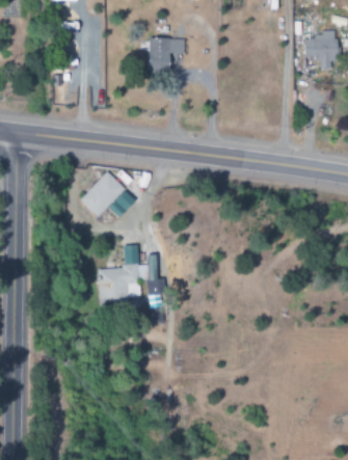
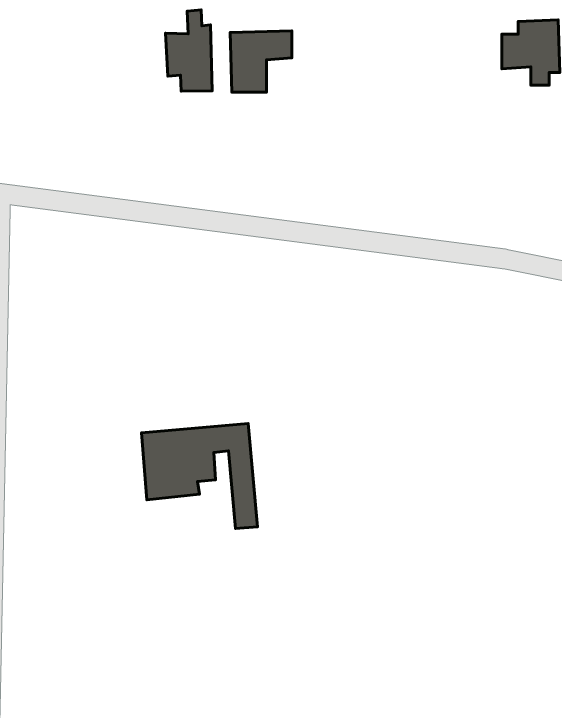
building: none -> [166,10,212,91]
building: [80,171,125,217] -> none

